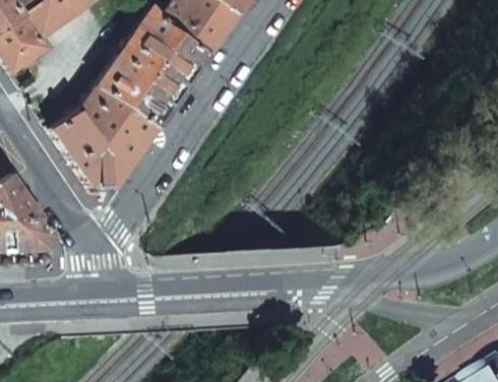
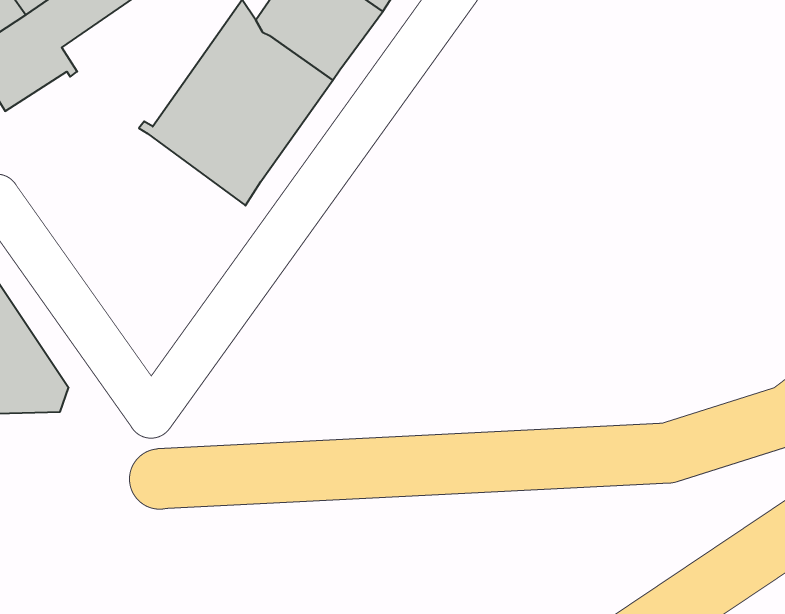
building: [48,84,152,187] -> none

